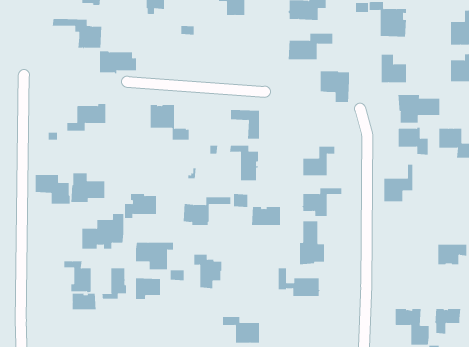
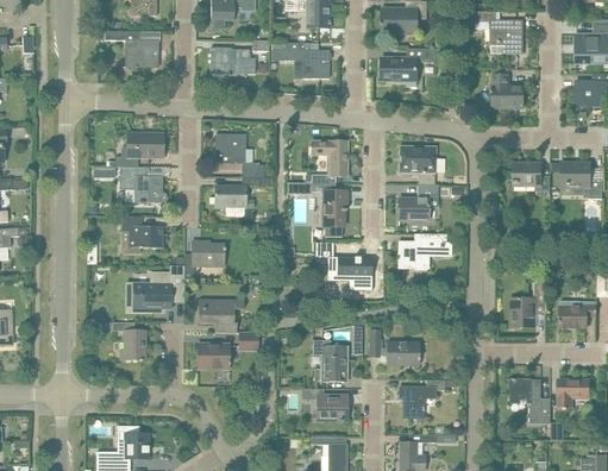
building: none -> [271,42,330,78]
building: [99,51,137,74] -> [209,48,255,75]
building: [320,71,350,102] -> [400,146,435,184]
building: [398,94,440,124] -> none
building: [383,164,413,202] -> [510,282,546,327]
building: [35,174,71,204] -> [119,167,162,202]
building: [183,197,231,225] -> [214,177,272,212]
building: [299,220,325,265] -> none
building: [193,254,226,289] -> [313,340,352,382]
building: [102,268,126,299] -> none
building: [72,293,96,310] -> none
building: none -> [400,381,445,417]

